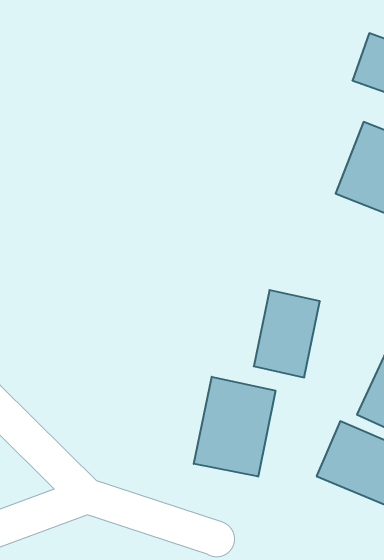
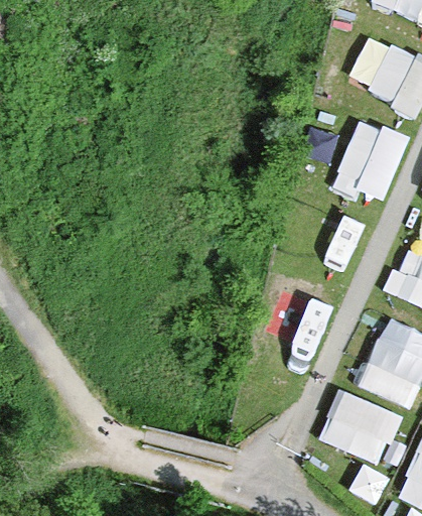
building: [194,377,275,477] -> none

